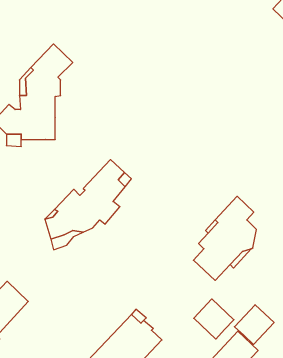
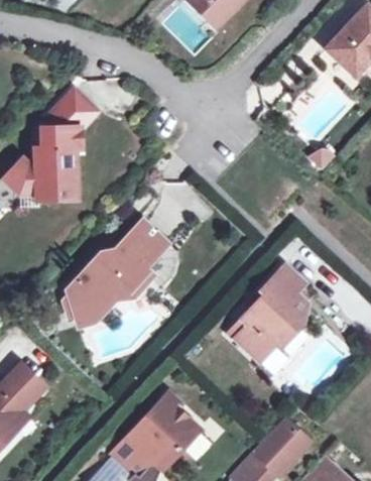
building: [194,299,234,339] -> none
building: [234,305,274,344] -> none

